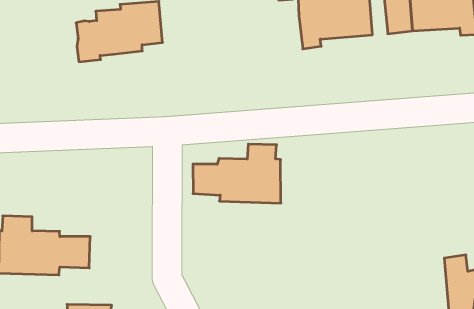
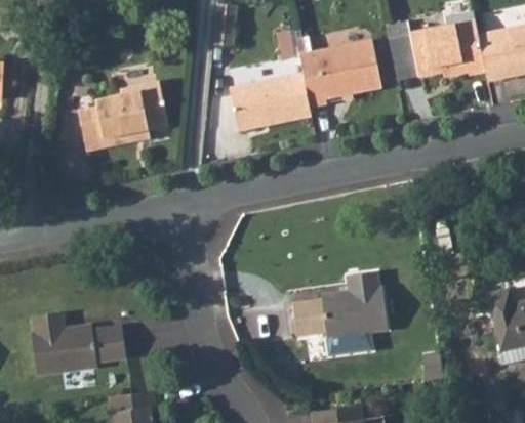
building: none -> [230,74,314,131]
building: [193,144,281,203] -> [295,274,390,339]

